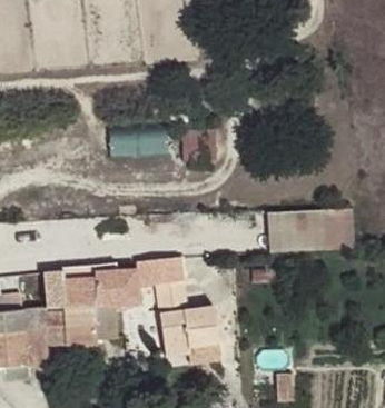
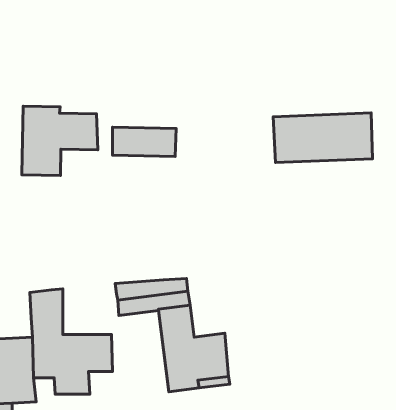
building: none -> [22,106,98,176]
building: [272,207,358,250] -> [273,113,372,163]
building: [72,267,124,307] -> none

